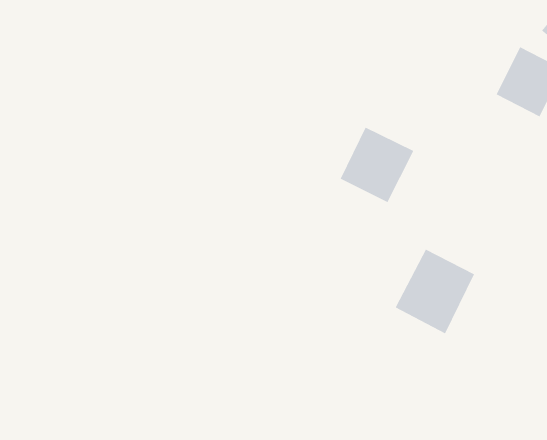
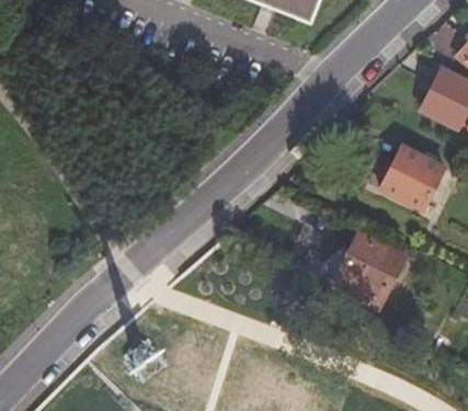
building: [340,127,414,203] -> [383,145,444,207]

